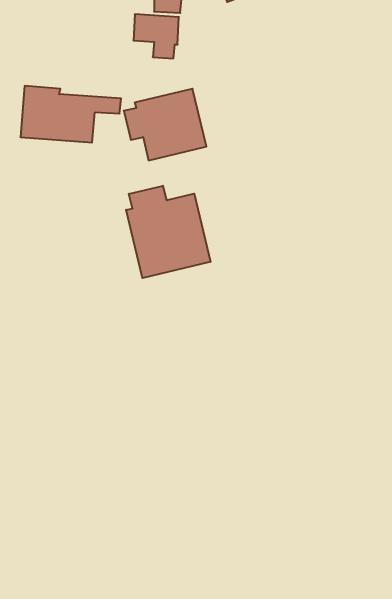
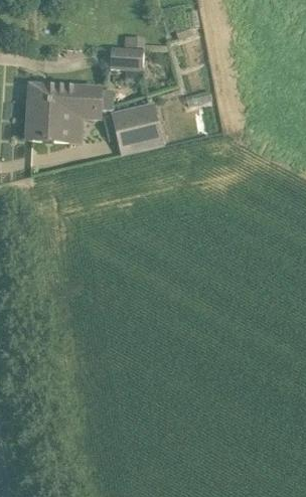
building: none -> [29,82,111,108]
building: [126,186,210,278] -> none

